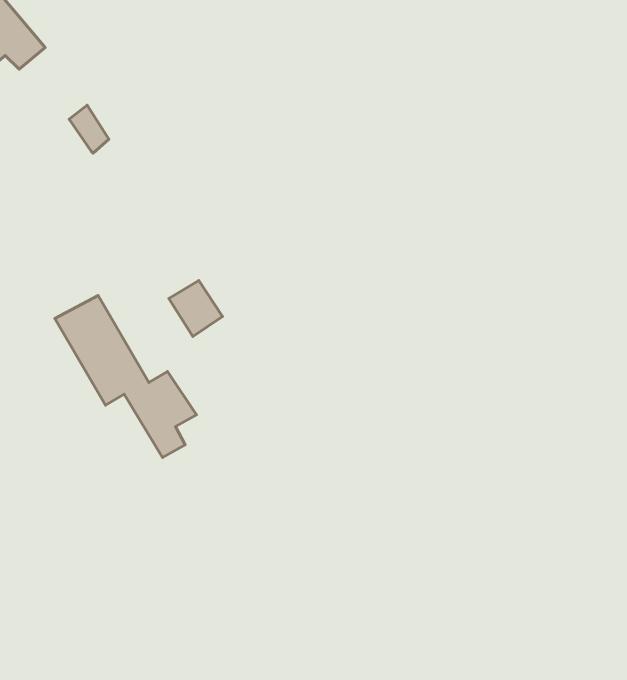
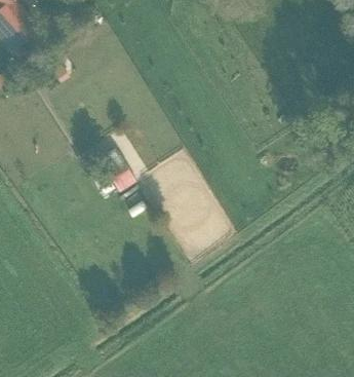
building: [55,296,196,458] -> none

